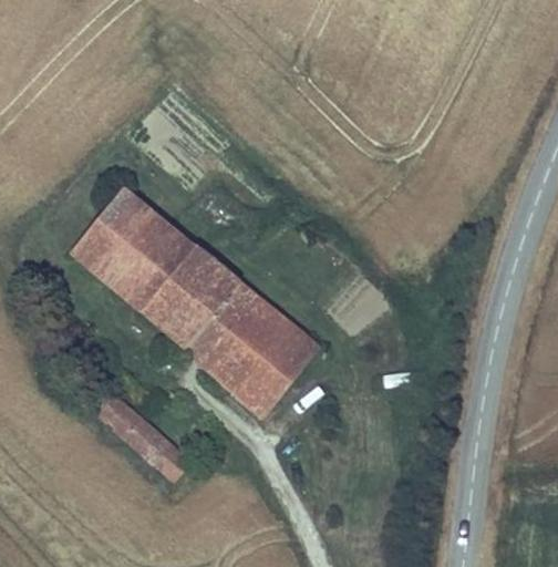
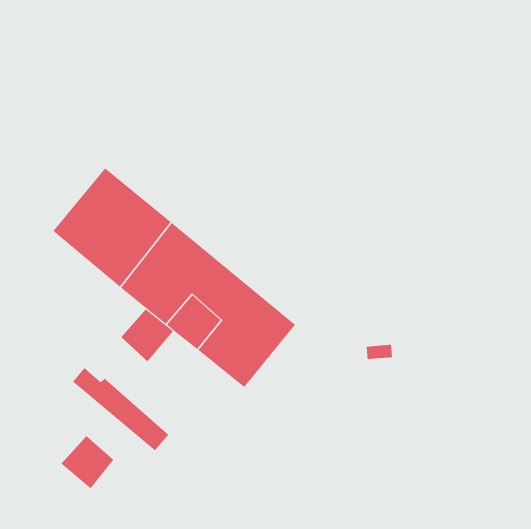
building: none -> [120,308,174,362]
building: none -> [60,435,114,489]

